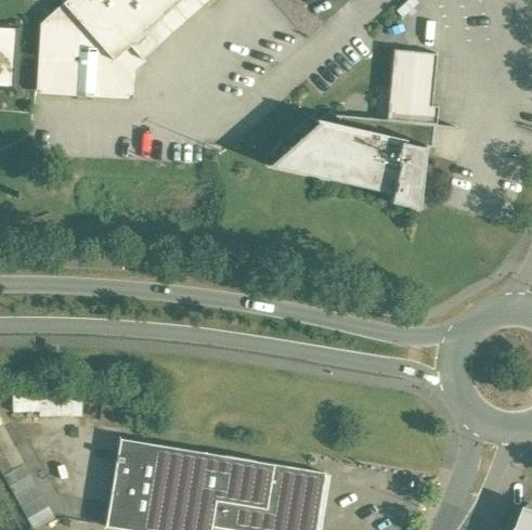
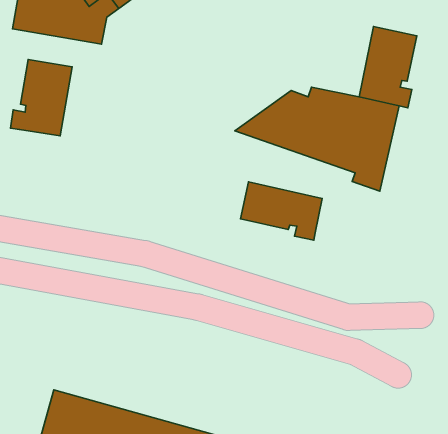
building: none -> [11,59,72,136]
building: none -> [241,182,322,240]

